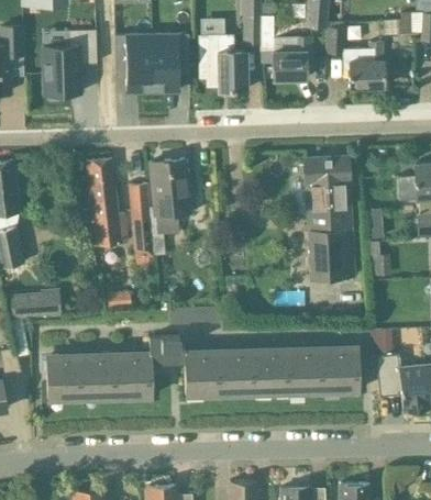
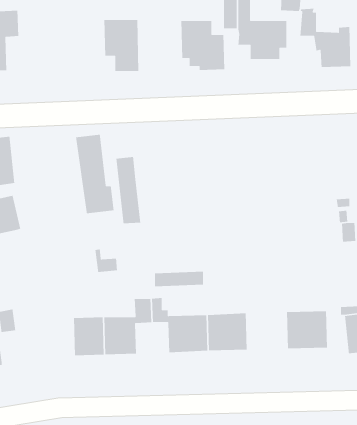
building: [43,29,97,100] -> none
building: [152,33,189,91] -> none
building: [305,157,354,278] -> none
building: [151,158,189,235] -> none
building: [10,289,59,319] -> none
building: [269,351,313,392] -> none
building: [46,357,82,400] -> none

